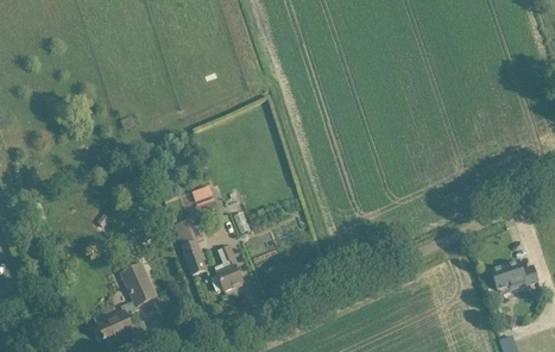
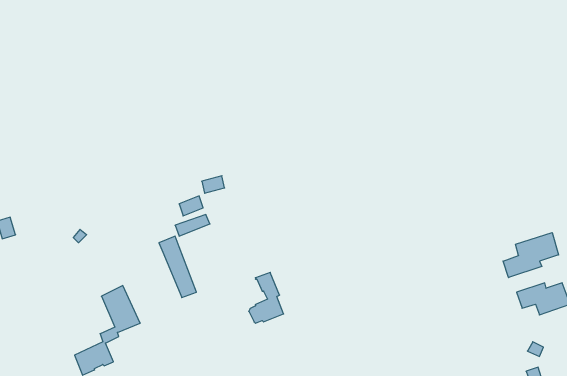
building: none -> [503,233,559,278]
building: [212,246,242,291] -> [249,272,284,323]

